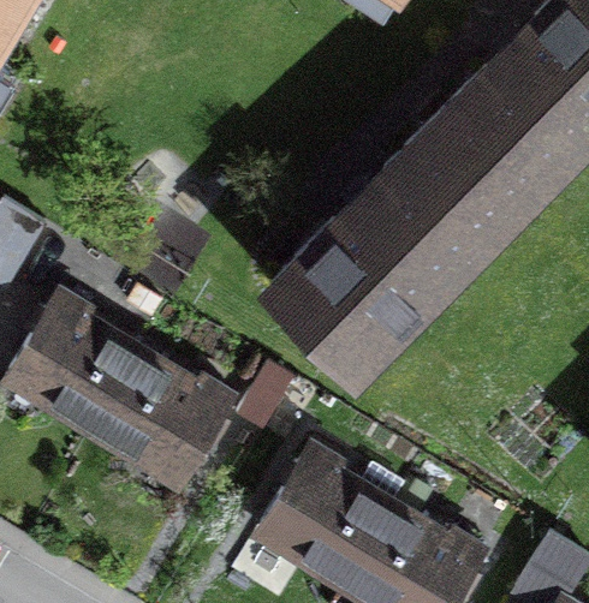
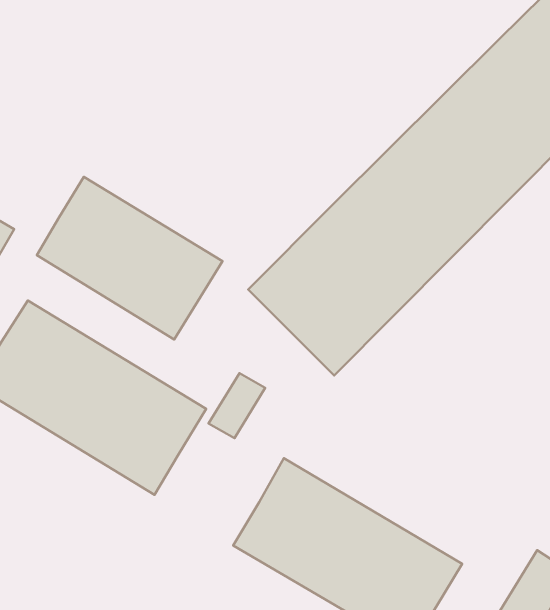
building: none -> [37,177,223,339]

